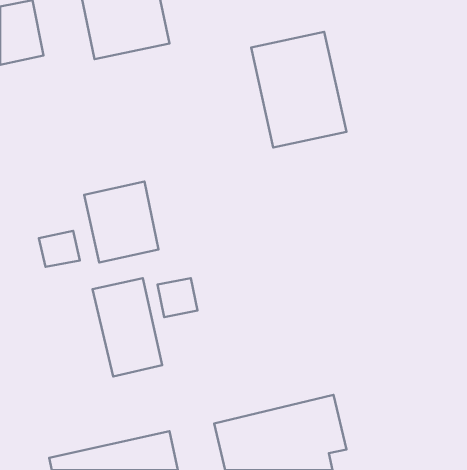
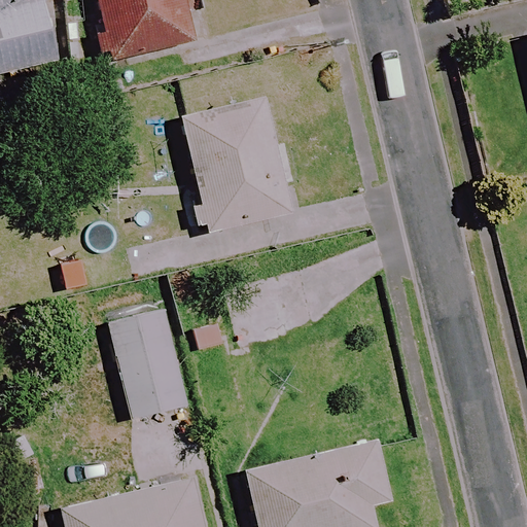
building: [251,32,346,148] -> [183,101,289,230]
building: [84,181,158,263] -> none

